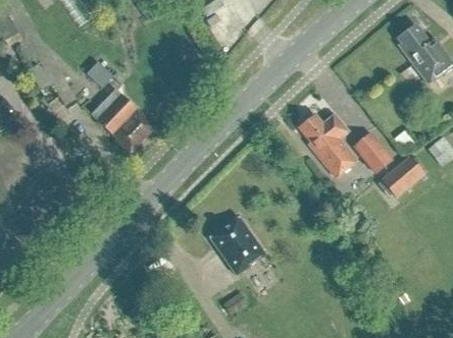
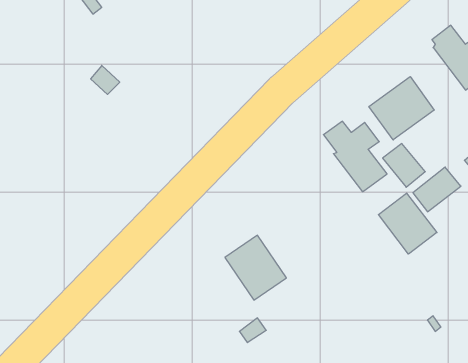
building: none -> [369,77,434,140]
building: [90,88,154,151] -> none
building: none -> [378,193,437,254]

